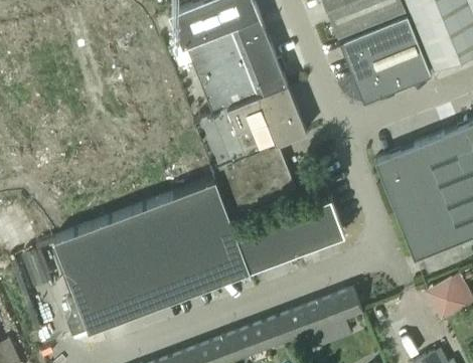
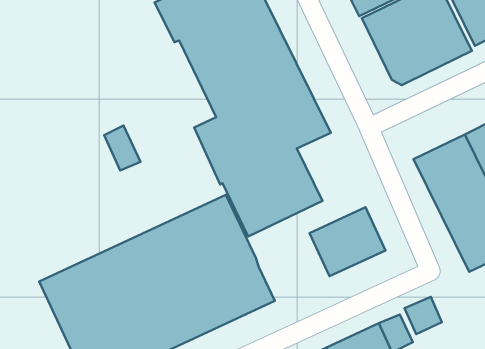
building: none -> [104,126,140,170]
building: [236,217,297,273] -> none
building: none -> [405,297,442,334]

